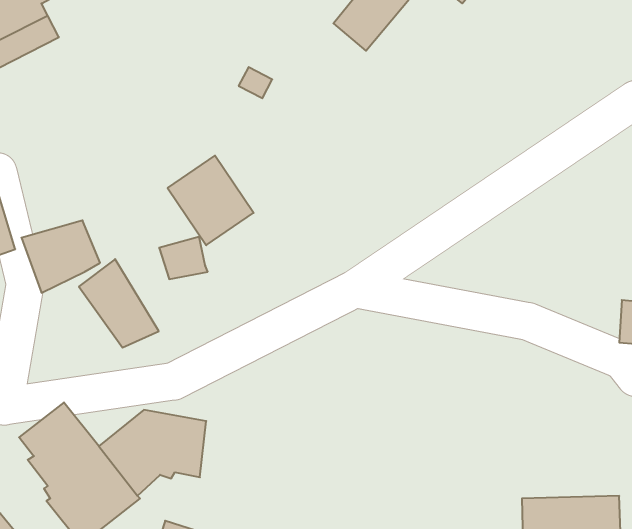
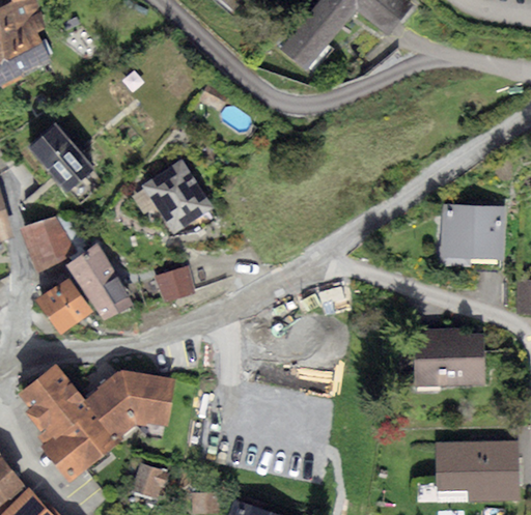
building: none -> [28,123,93,191]
building: none -> [441,204,504,261]
building: [159,237,208,279] -> [155,266,195,302]
building: none -> [35,278,94,336]
building: none -> [413,328,483,385]

